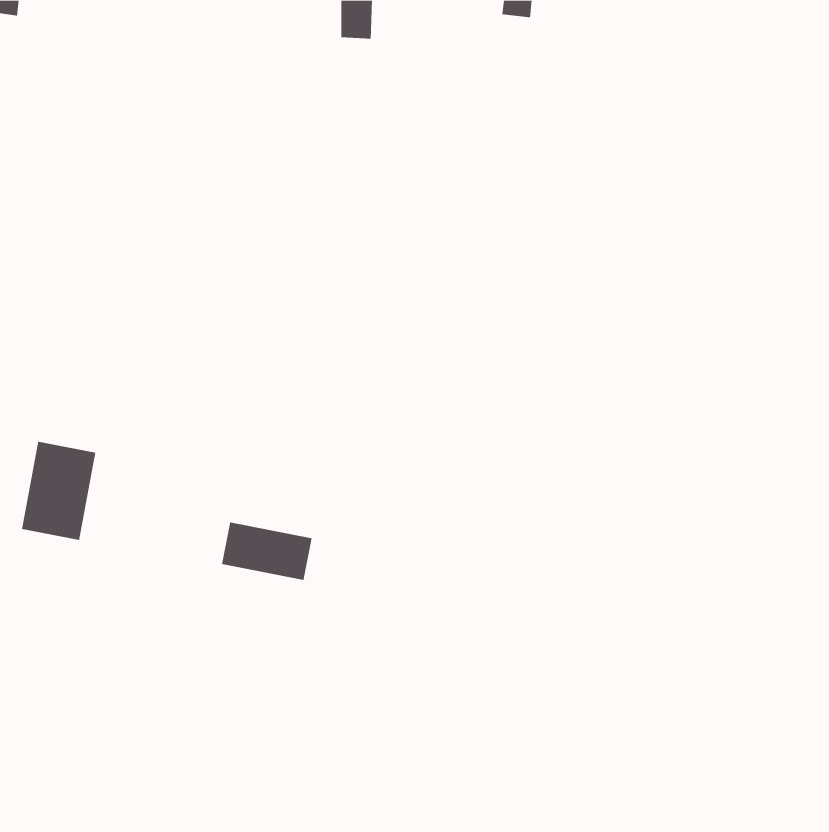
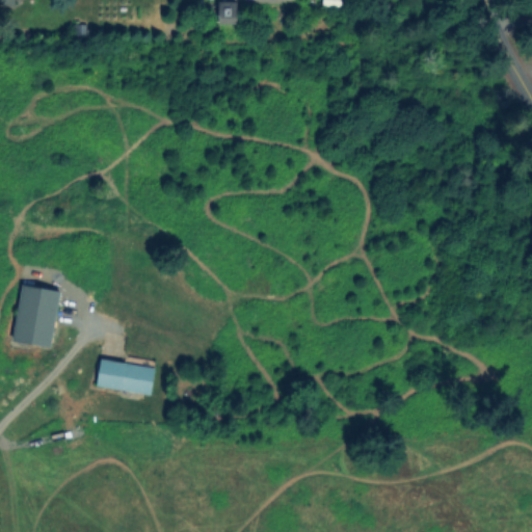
building: [221,522,312,581] -> [95,358,153,396]

